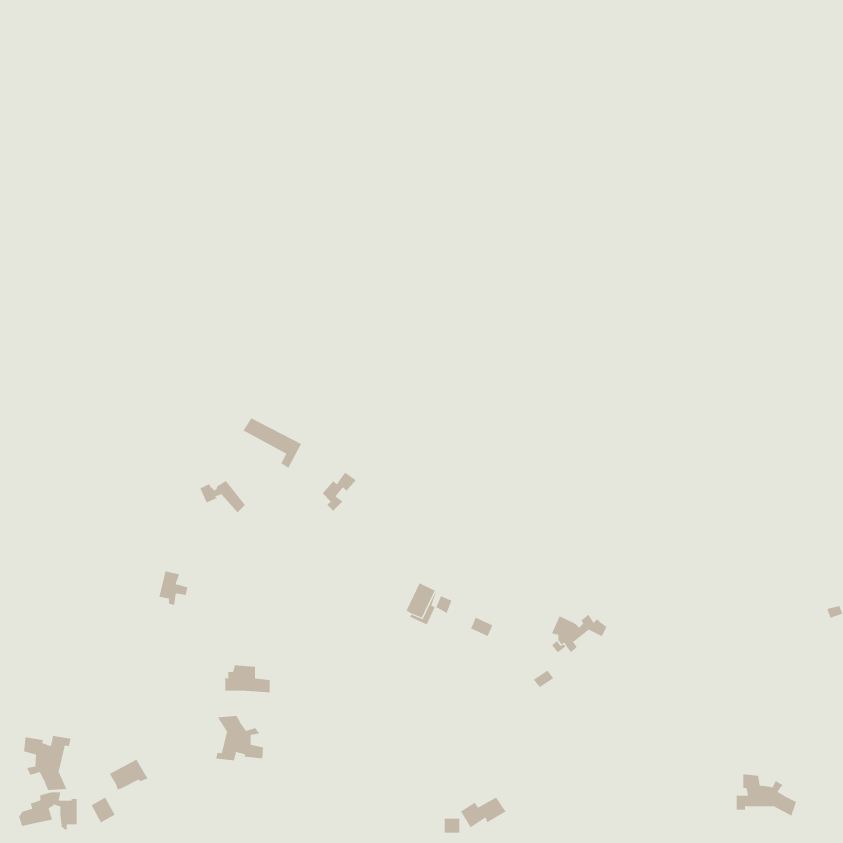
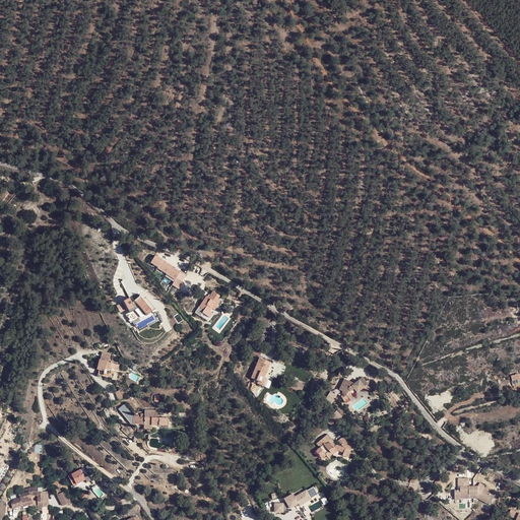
building: none -> [316,437,353,461]
building: [215,715,264,761] -> none
building: [24,735,71,791] -> none

